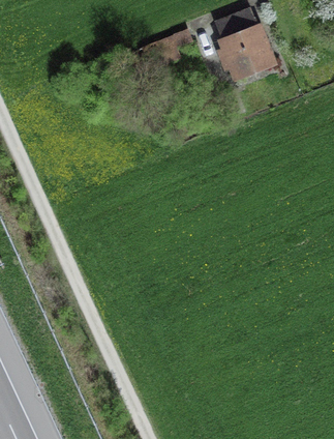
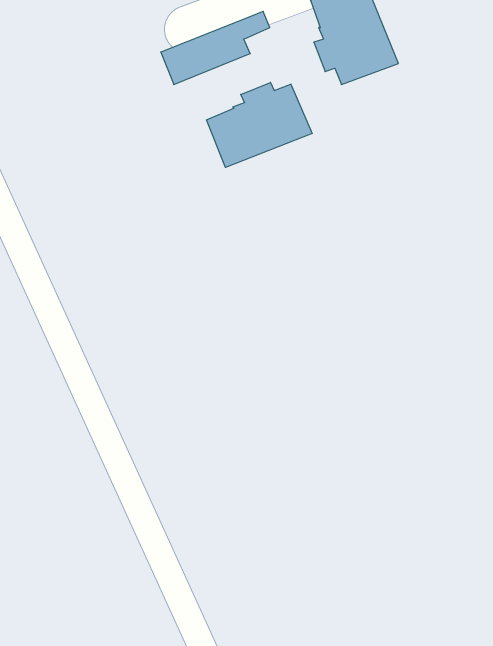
building: none -> [206,82,312,167]

